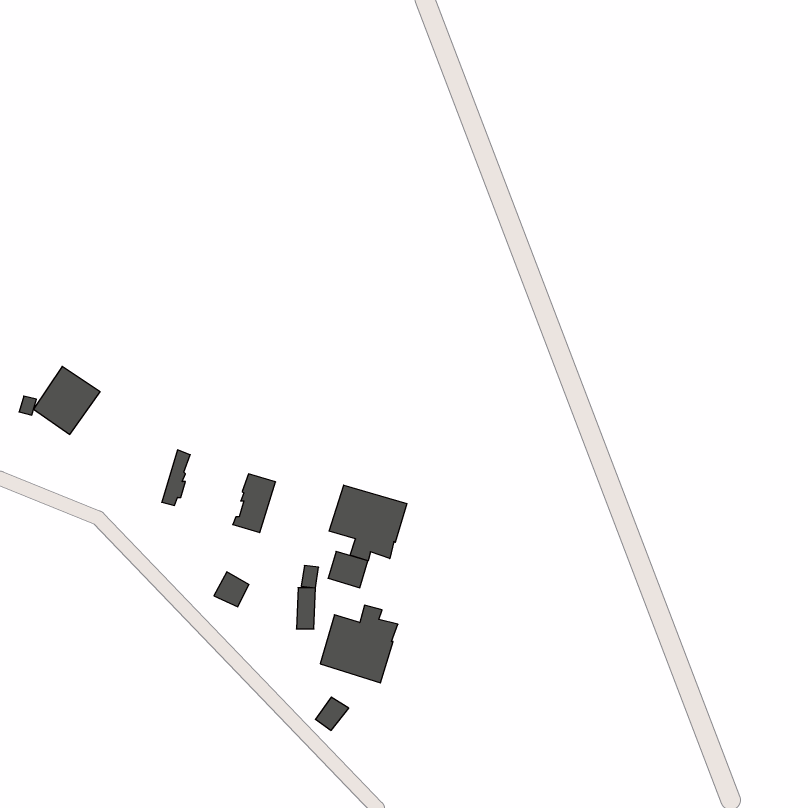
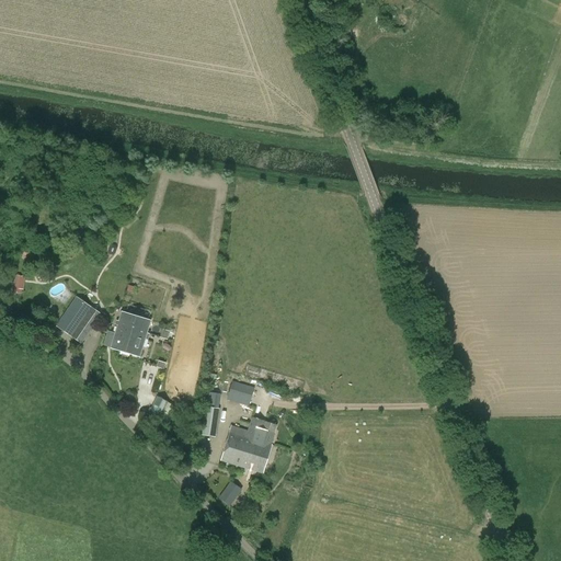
building: [33,366,100,434] -> [56,296,102,343]
building: [233,474,276,533] -> [121,314,150,355]
building: [329,485,407,561] -> none

